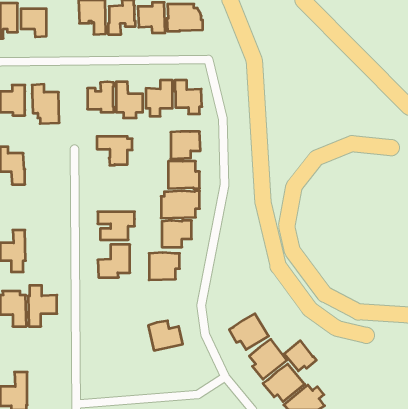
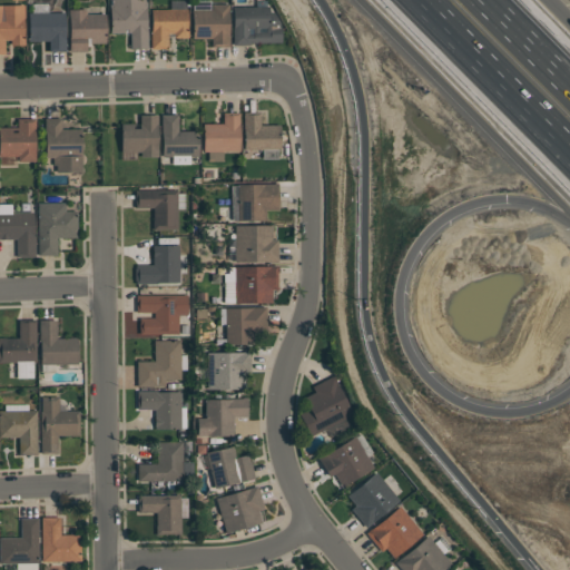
building: none -> [70,9,108,52]
building: none -> [39,203,79,256]
building: none -> [136,245,181,284]
building: none -> [40,320,80,365]
building: none -> [301,375,355,436]
building: none -> [139,391,183,430]
building: none -> [199,399,249,436]
building: none -> [139,442,185,481]
building: [284,341,316,371] -> none
building: none -> [217,487,266,533]
building: none -> [140,495,189,535]
building: none -> [43,518,82,562]

